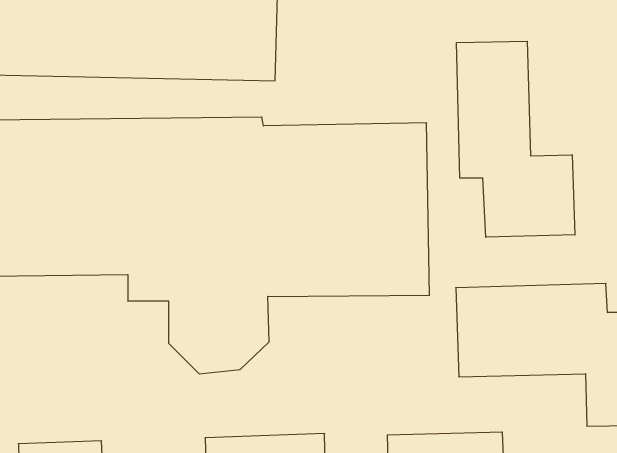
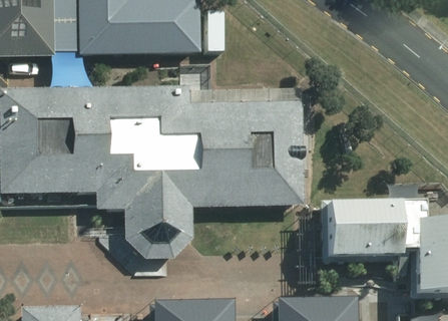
building: [457,41,575,237] -> none

